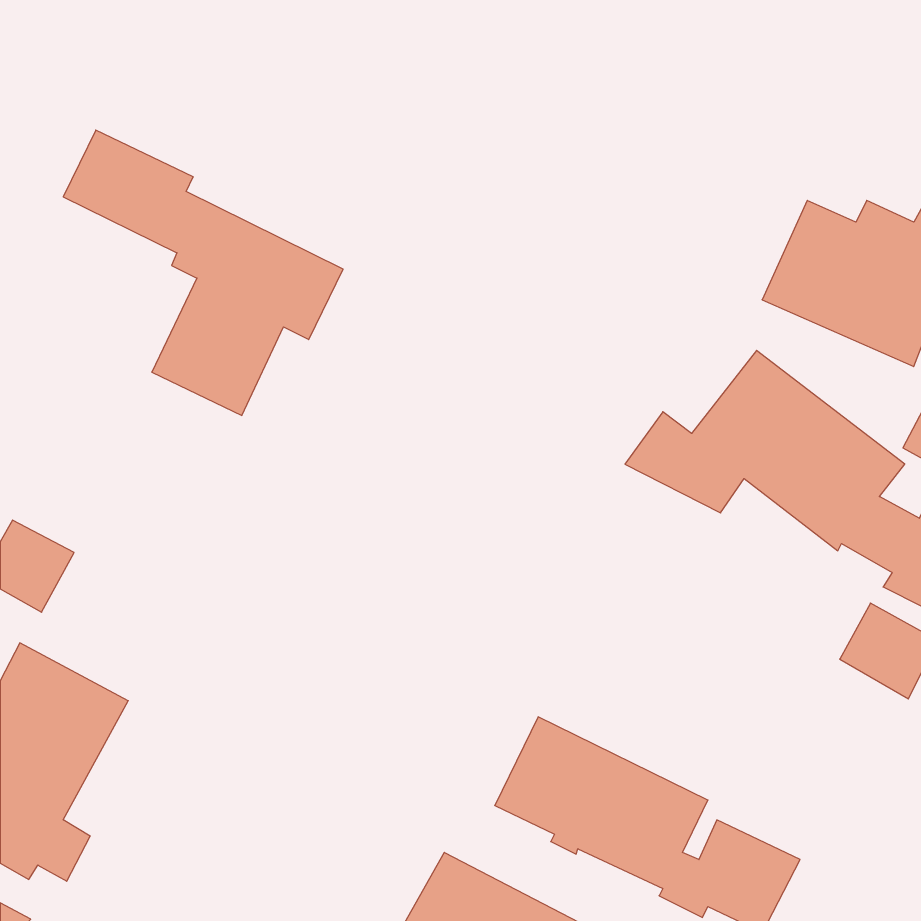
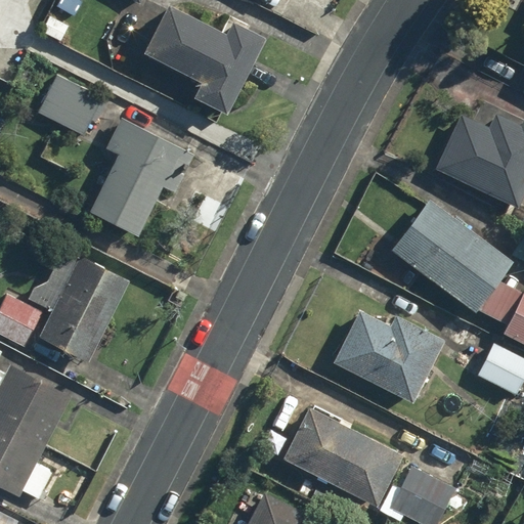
building: none -> [141,5,265,113]
building: none -> [32,256,128,362]
building: none -> [332,308,444,402]

